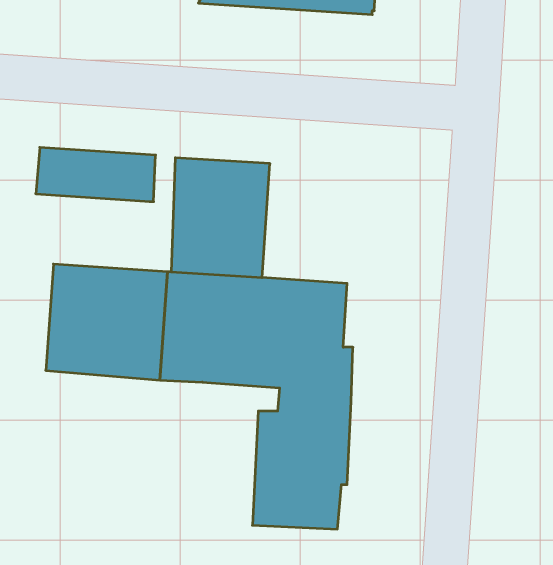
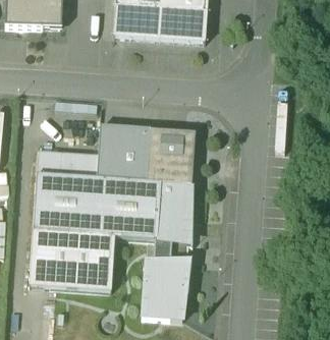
building: [36,147,156,202] -> [36,150,99,178]
building: none -> [146,129,194,184]
building: none -> [30,230,114,289]

